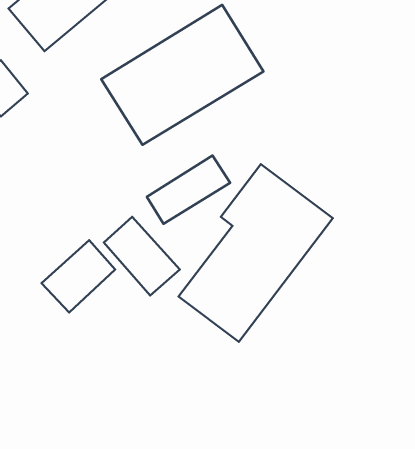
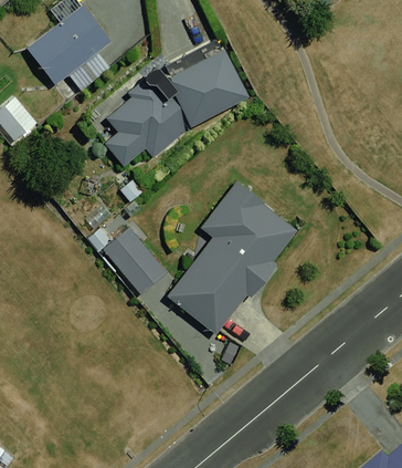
building: [147,156,230,224] -> none
building: [42,240,115,312] -> none

